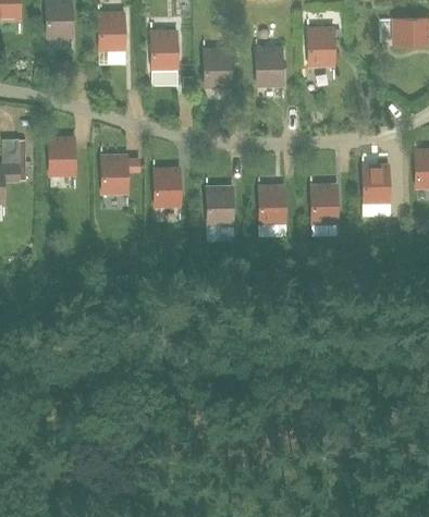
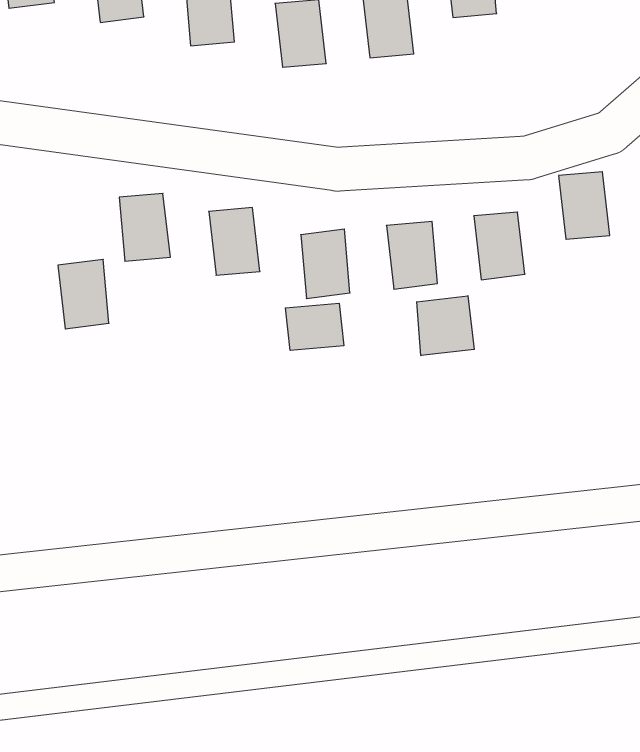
building: [48,136,75,175] -> [58,259,109,329]
building: none -> [285,303,344,350]
building: none -> [417,296,474,356]

